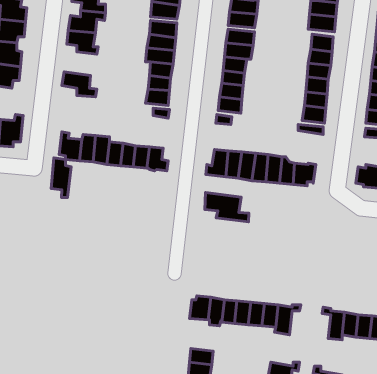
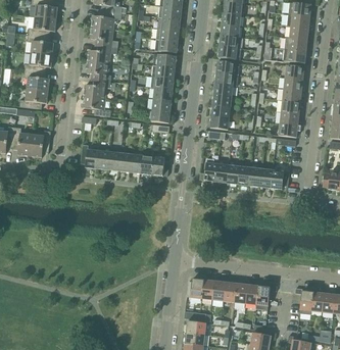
building: none -> [84,79,114,98]
building: [51,158,71,197] -> none
building: [205,192,249,222] -> none

